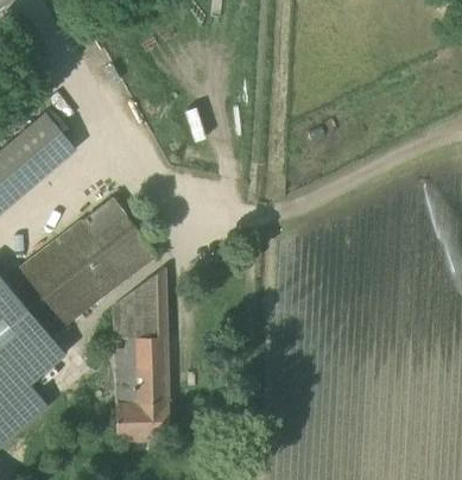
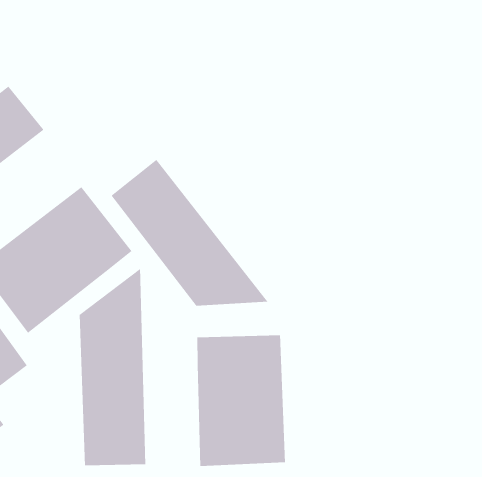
building: none -> [110,159,269,307]
building: none -> [196,335,286,467]

